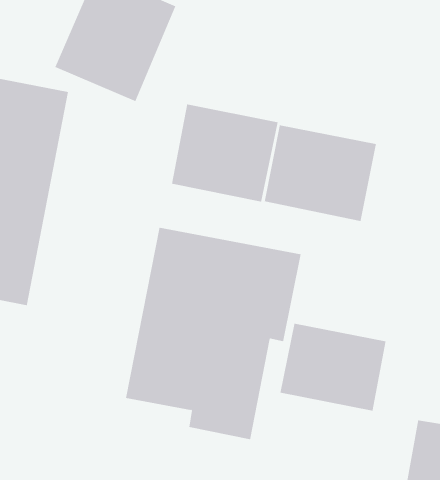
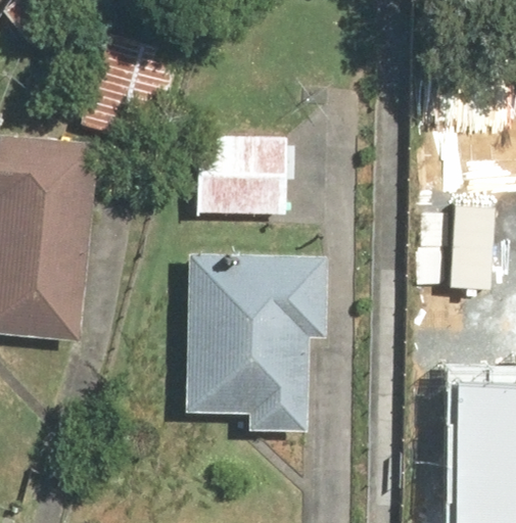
building: [264,125,376,222] -> none
building: [280,323,386,412] -> none

